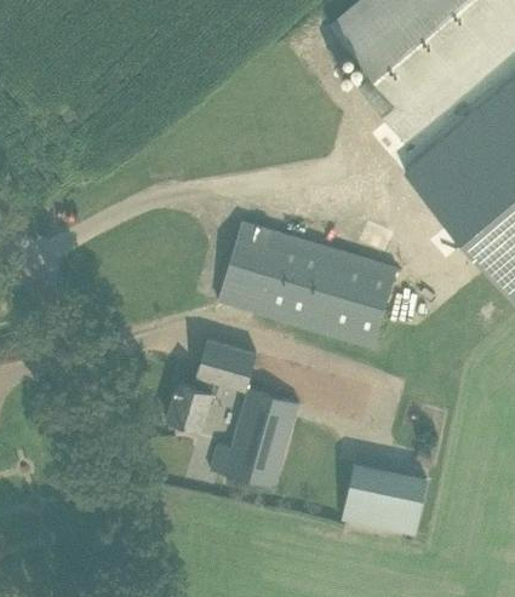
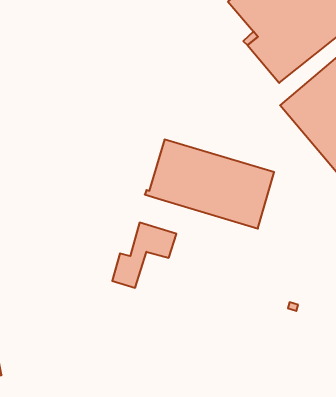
building: [210,390,297,487] -> none
building: [339,459,427,534] -> none

